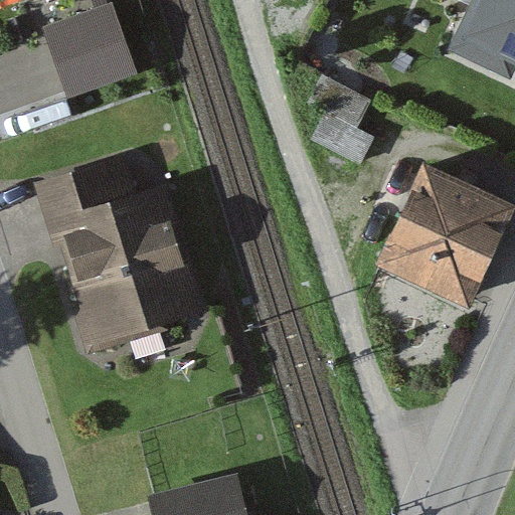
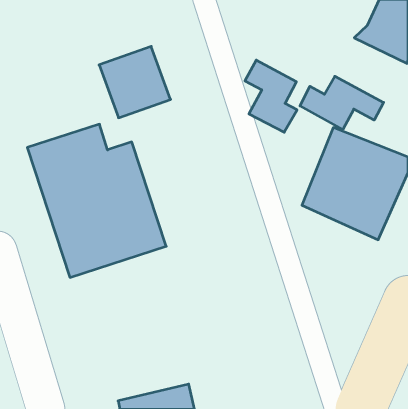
building: [42,4,132,94] -> [99,46,171,118]
building: none -> [300,76,384,129]

